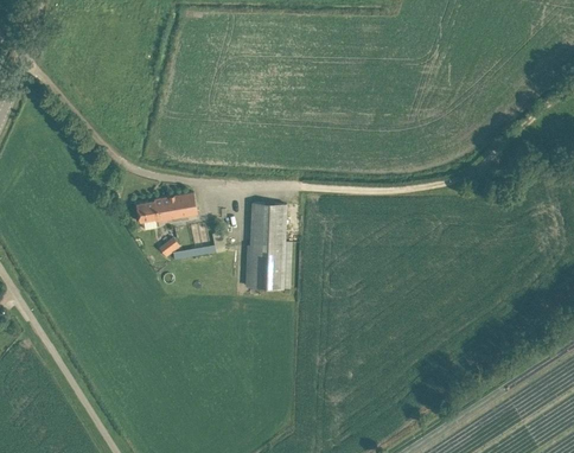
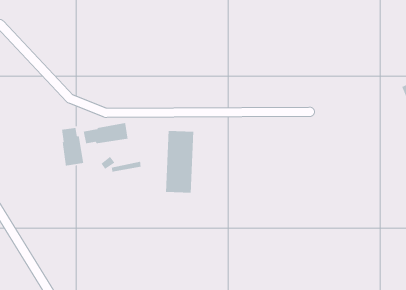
building: none -> [61,127,84,167]

